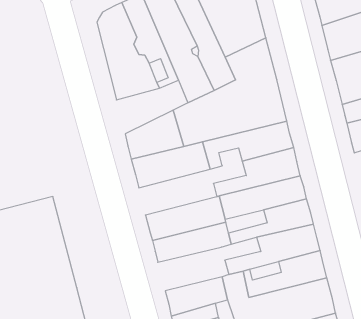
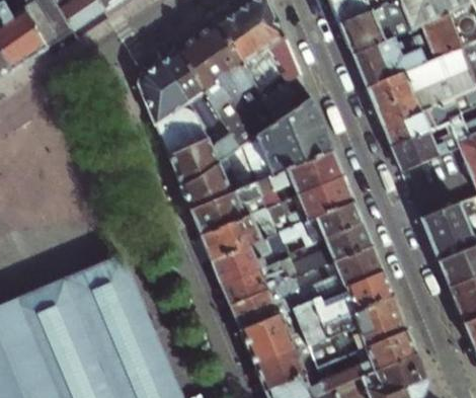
building: none -> [167,127,236,185]
building: none -> [201,208,276,260]
building: none -> [229,281,299,330]

